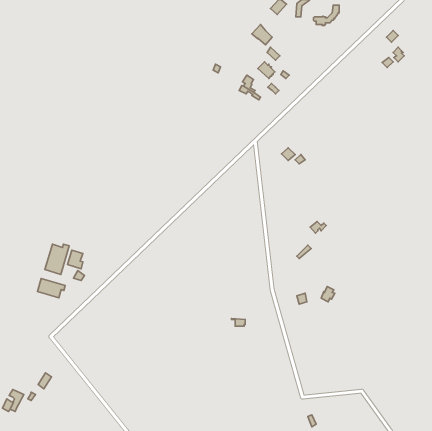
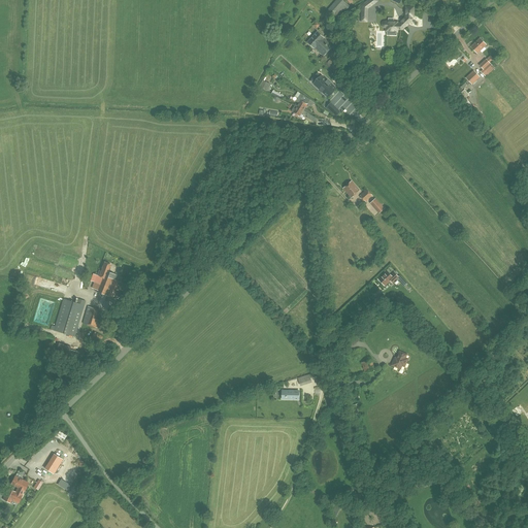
building: none -> [91,261,122,297]
building: [38,279,65,298] -> none

